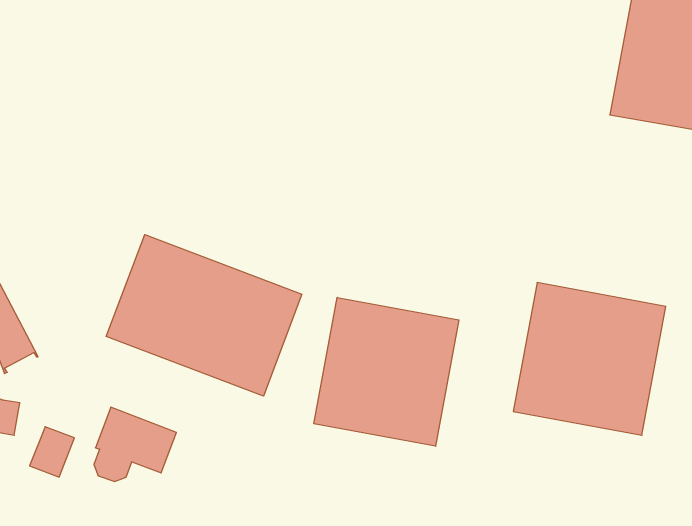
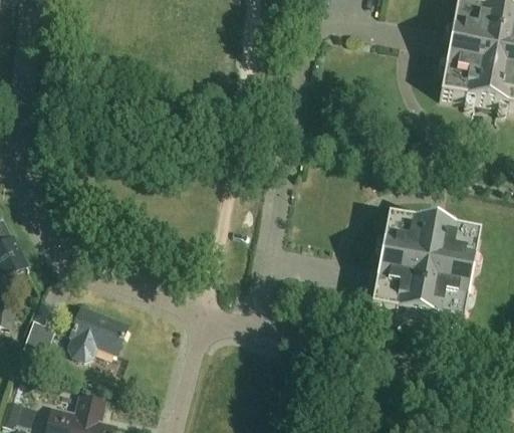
building: [106,235,302,396] -> none
building: [314,297,459,446] -> none

